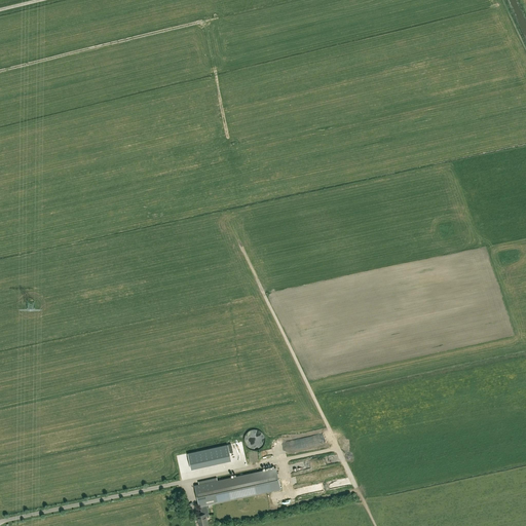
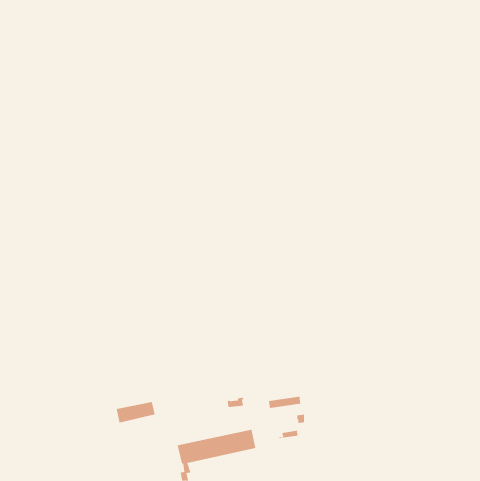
building: [187,445,230,468] -> [116,401,155,423]

